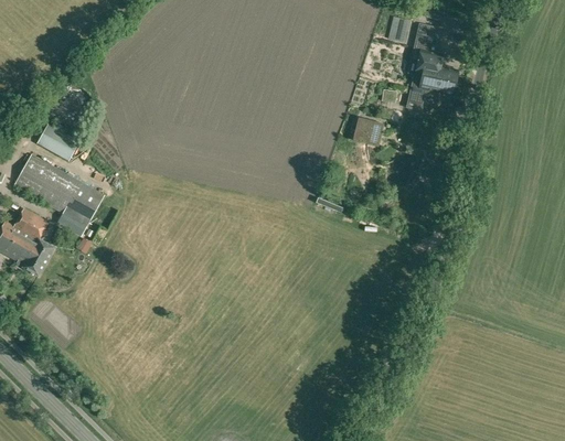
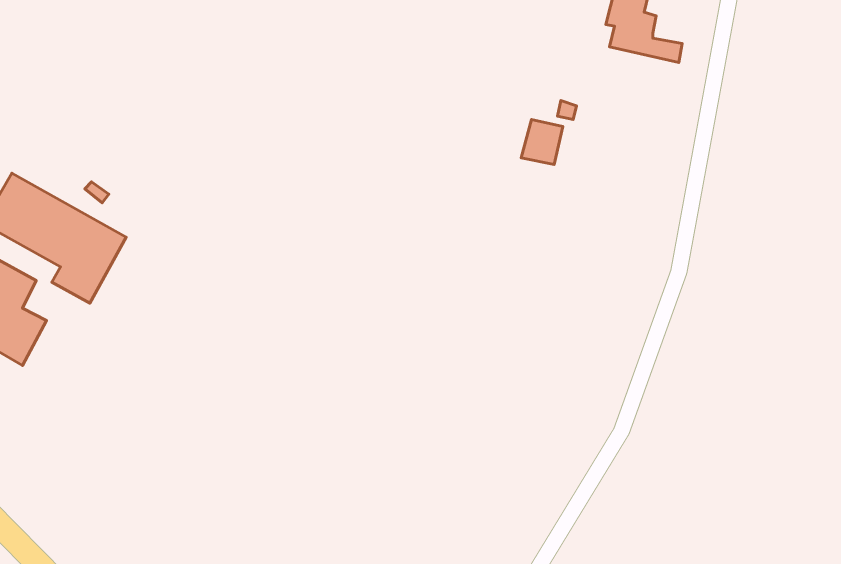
building: [405,73,457,110] -> none
building: [36,123,79,161] -> none

